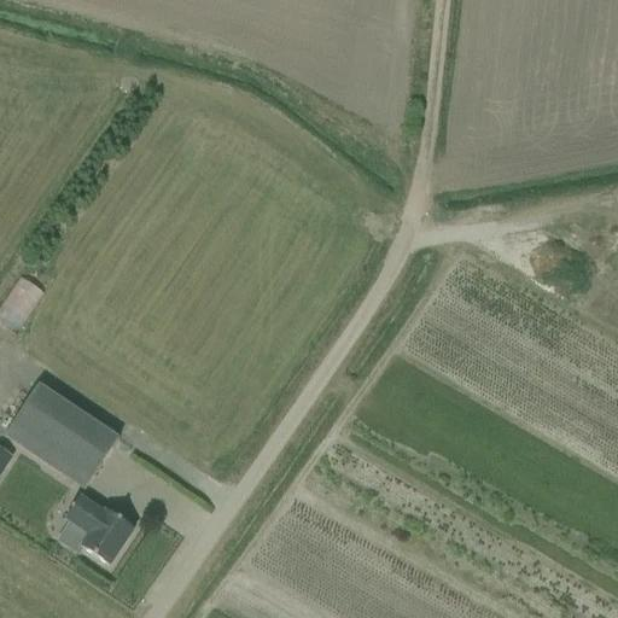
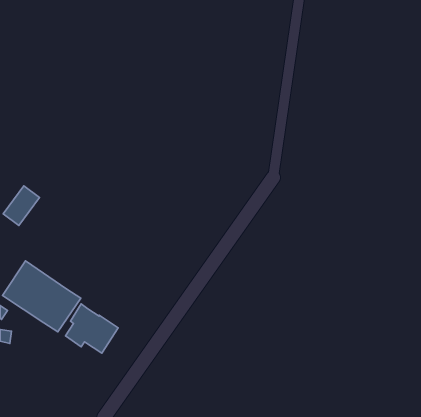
building: [57,490,134,562] -> [65,304,118,353]

